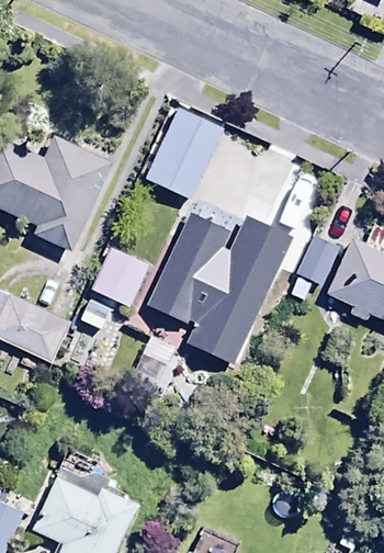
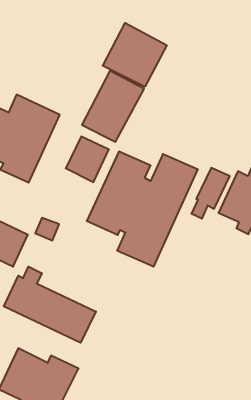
building: none -> [103,23,167,87]
building: [90,245,148,306] -> [66,136,109,182]
building: none -> [4,267,96,343]

